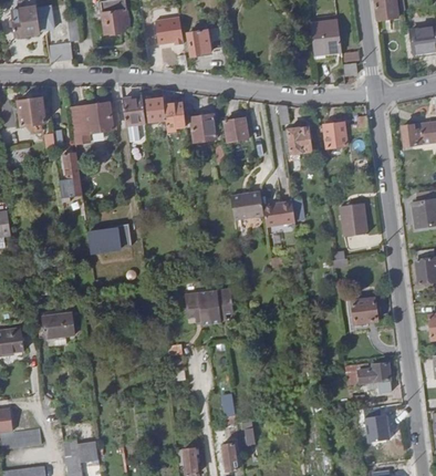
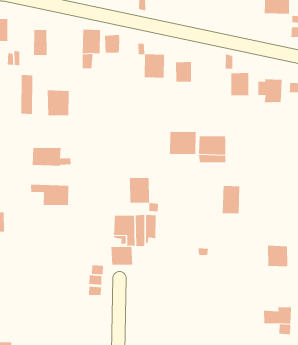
building: [84,102,112,132] -> [47,90,70,116]
building: [164,103,186,132] -> none
building: [347,204,370,236] -> [222,186,240,214]
building: none -> [129,177,158,212]
building: none -> [31,184,69,206]
building: none -> [111,246,133,265]

